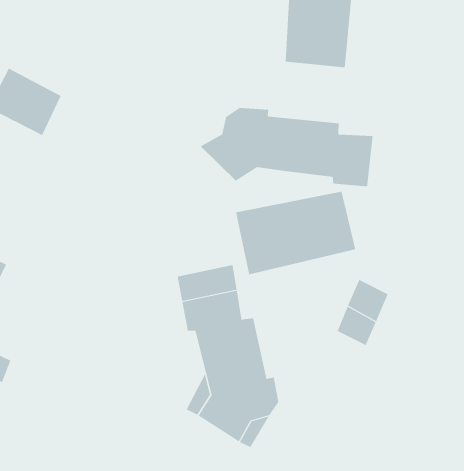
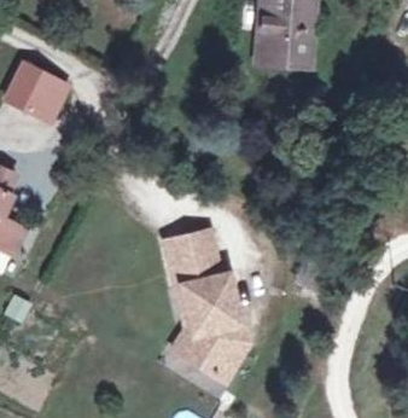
building: [200,107,373,187] -> none
building: [235,191,356,275] -> none

